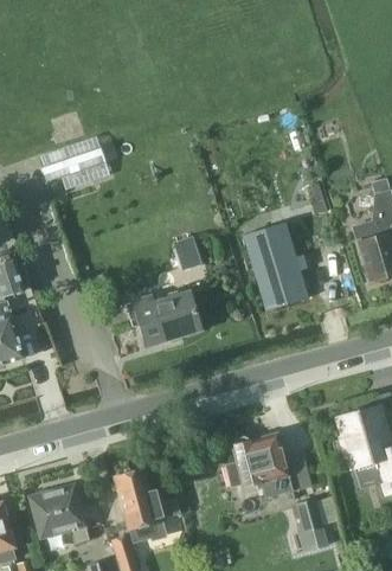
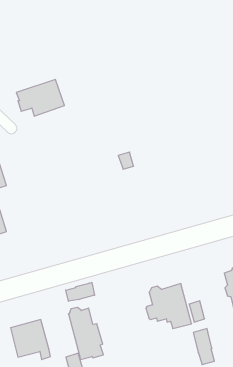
building: [243,222,308,310] -> none
building: [133,289,201,346] -> none
building: none -> [66,282,95,301]

